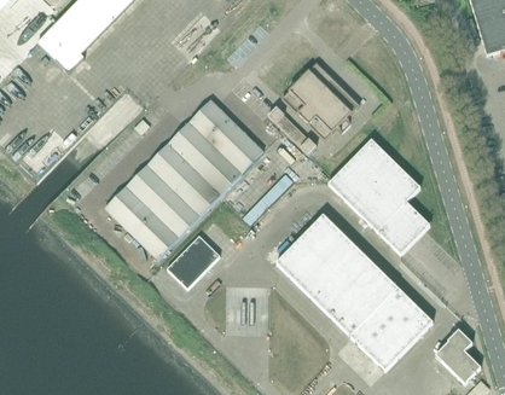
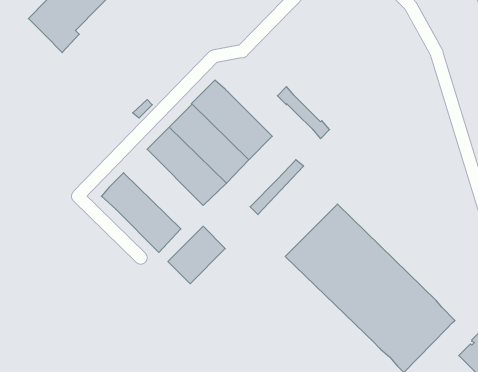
building: [280,62,359,139] -> none
building: [327,138,429,254] -> none
building: [124,163,198,237] -> none

